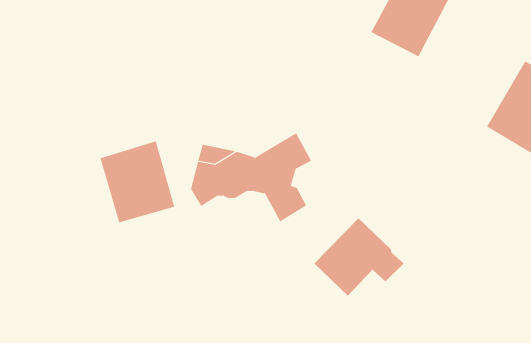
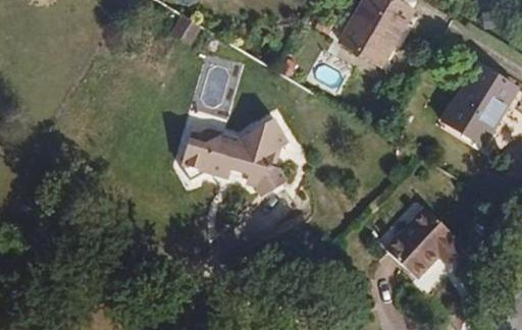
building: [100,140,175,223] -> none
building: [314,217,404,296] -> [387,211,466,279]

